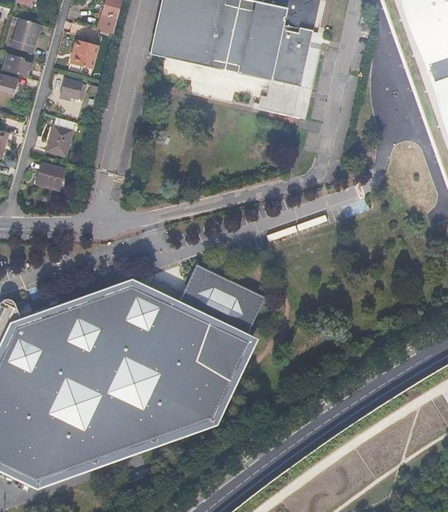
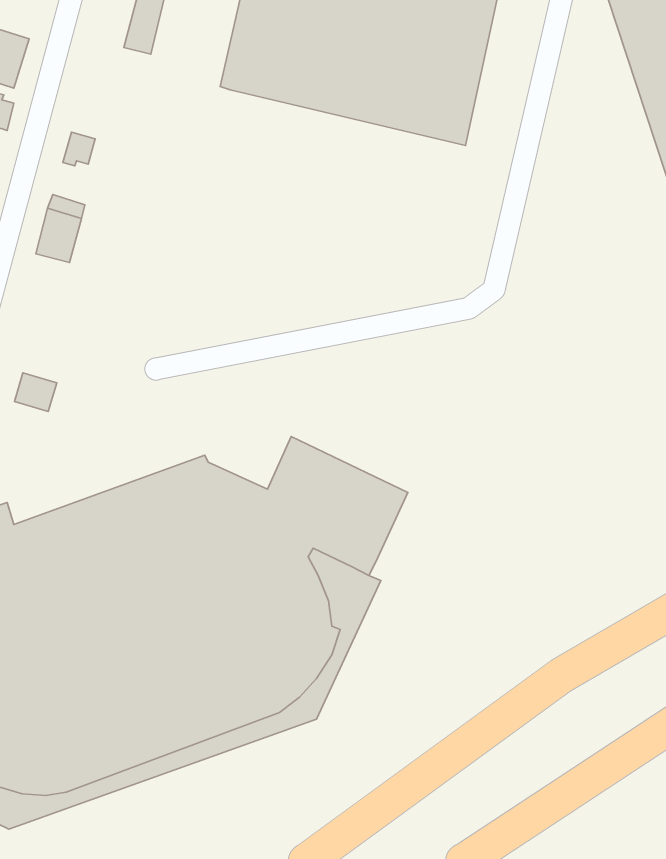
building: [72,40,98,70] -> none
building: [37,165,62,188] -> [14,373,57,412]

